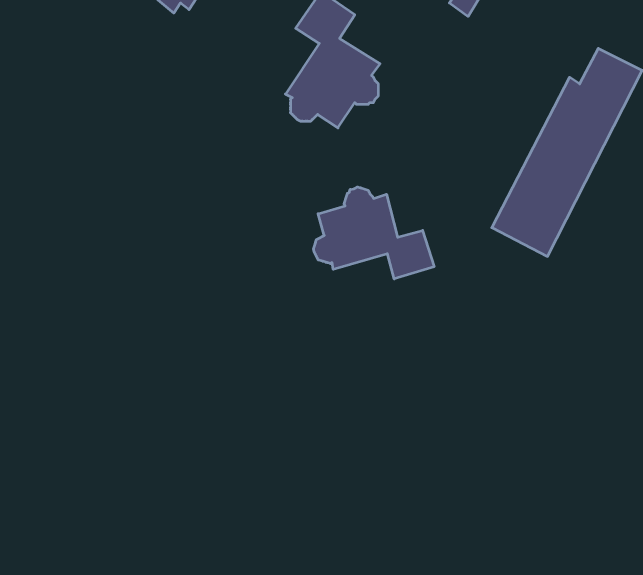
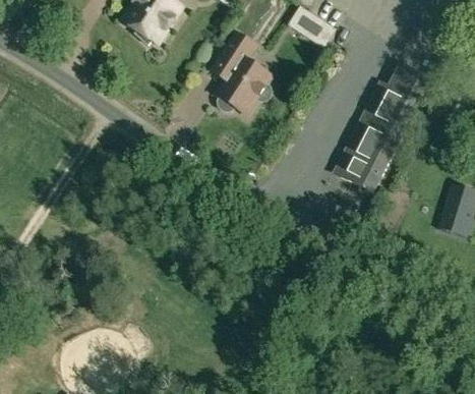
building: [314,187,434,279] -> none

